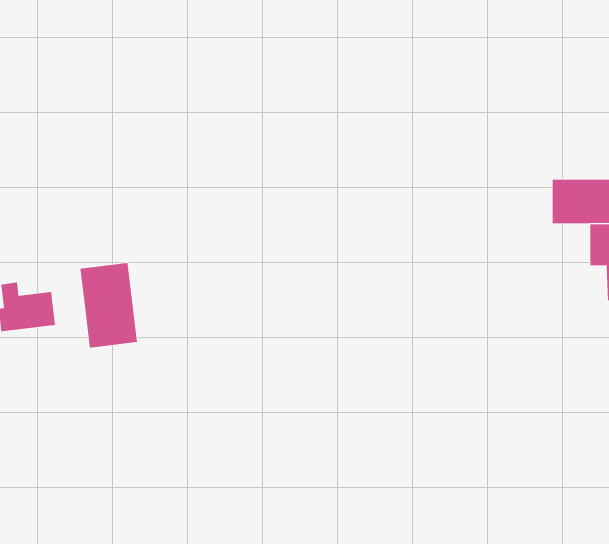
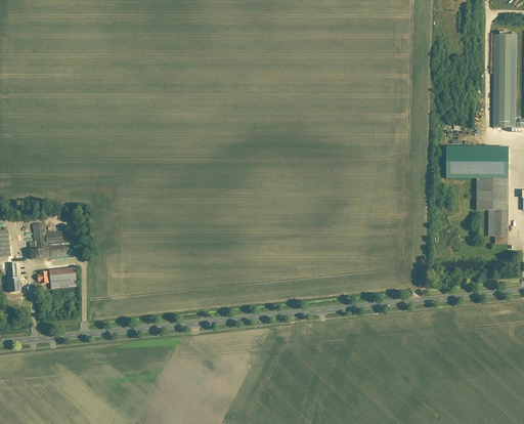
building: [80,262,137,348] -> none
building: none -> [45,266,75,290]

